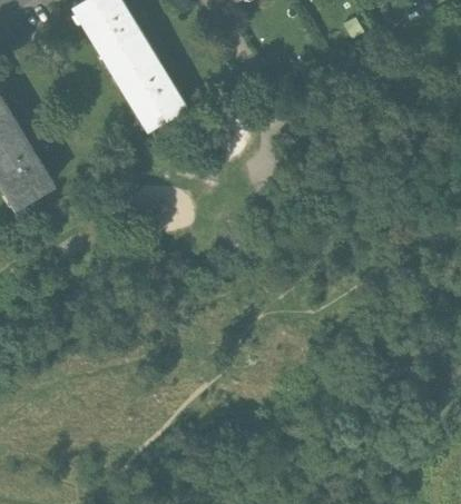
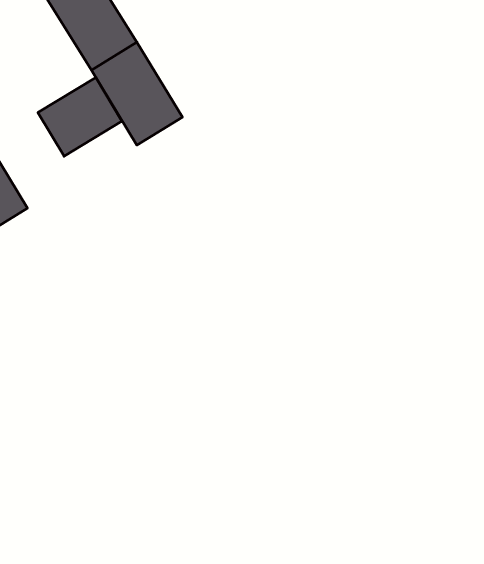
building: none -> [38,77,122,156]

